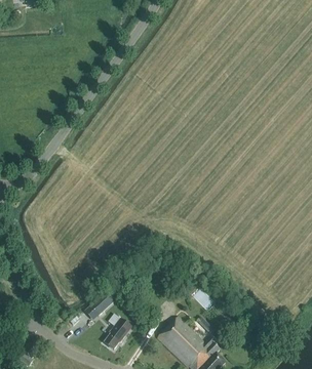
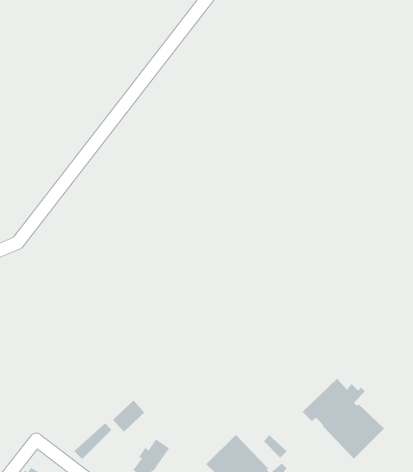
building: none -> [302,378,385,459]

